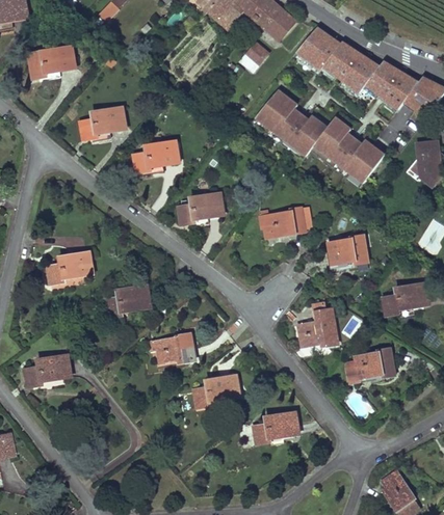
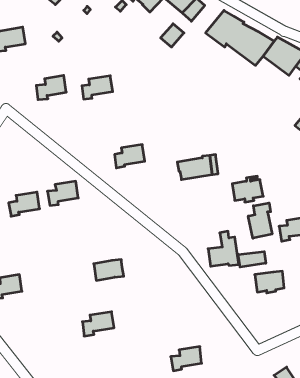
building: [255,89,386,187] -> none
building: [137,142,176,171] -> [82,76,113,99]
building: none -> [248,203,272,238]
building: [107,287,146,317] -> [47,181,78,205]
building: none -> [238,252,266,267]
building: [197,377,236,407] -> [82,312,114,336]
building: [256,413,294,443] -> [171,347,202,371]

